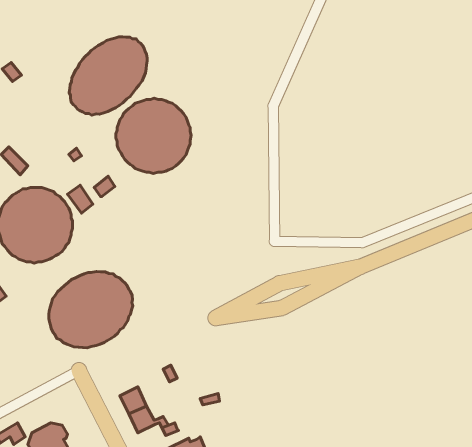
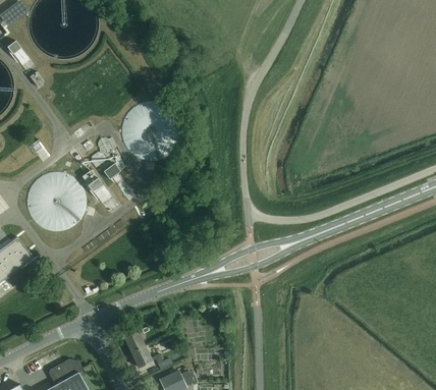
building: [69,37,147,115] -> none
building: [49,271,133,348] -> none

